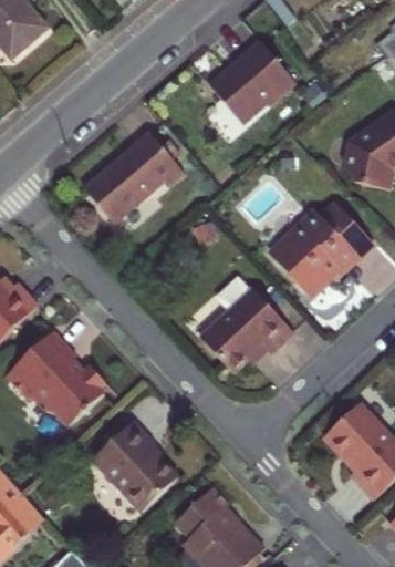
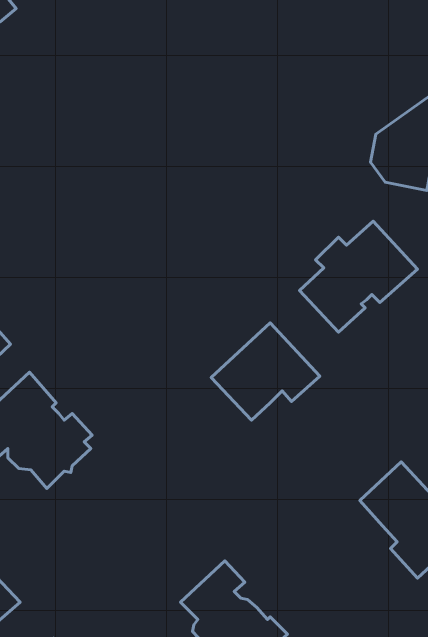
building: [208,37,294,118] -> none
building: [84,135,184,224] -> none
building: [95,423,178,512] -> none

